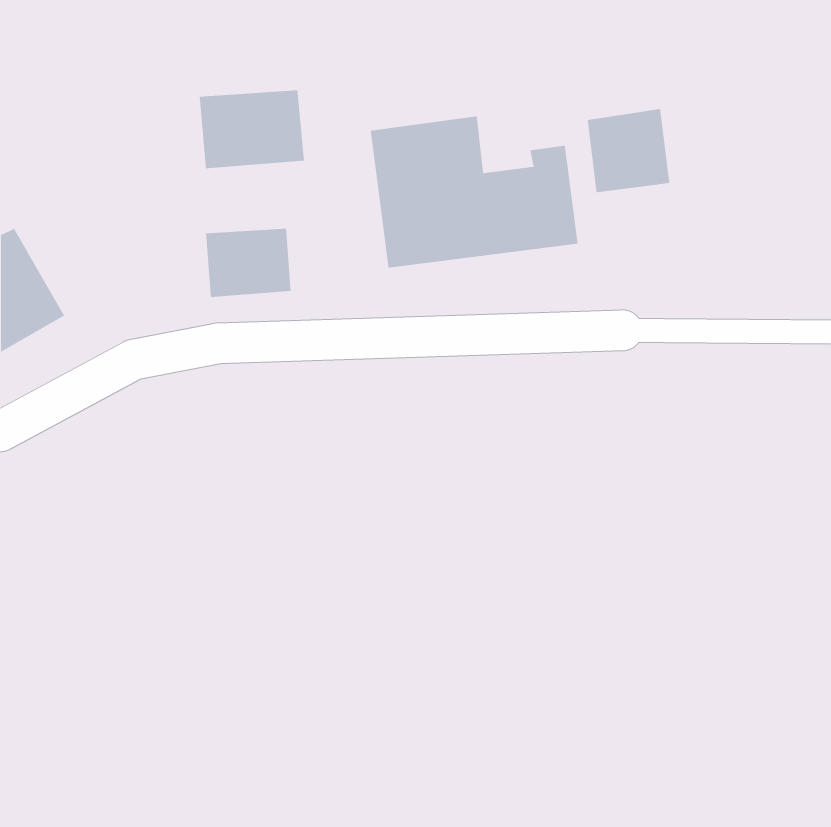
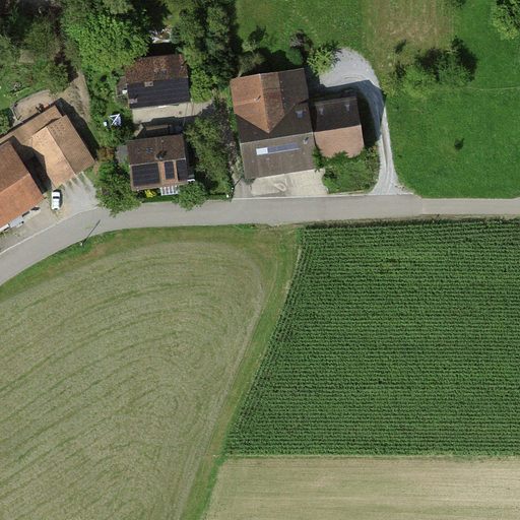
building: [587,108,670,193] -> none
building: none -> [28,115,94,184]

